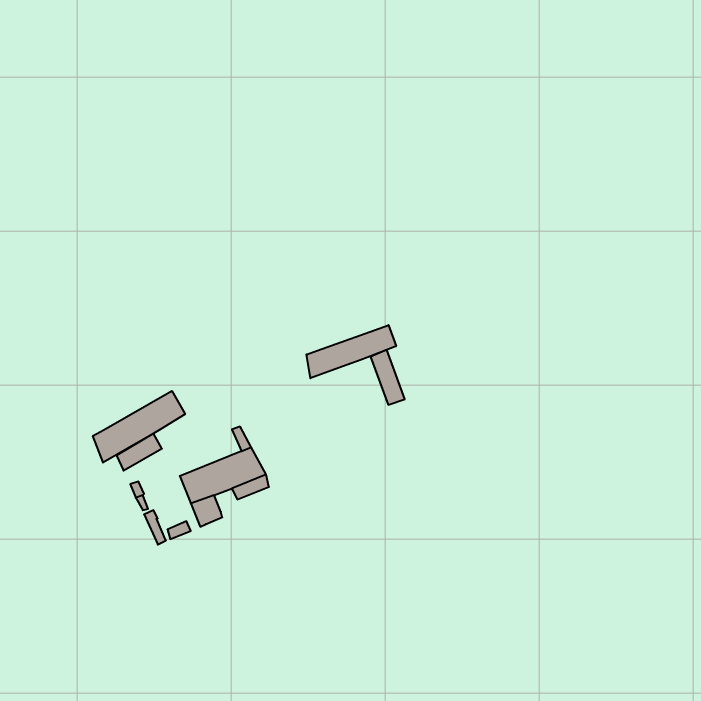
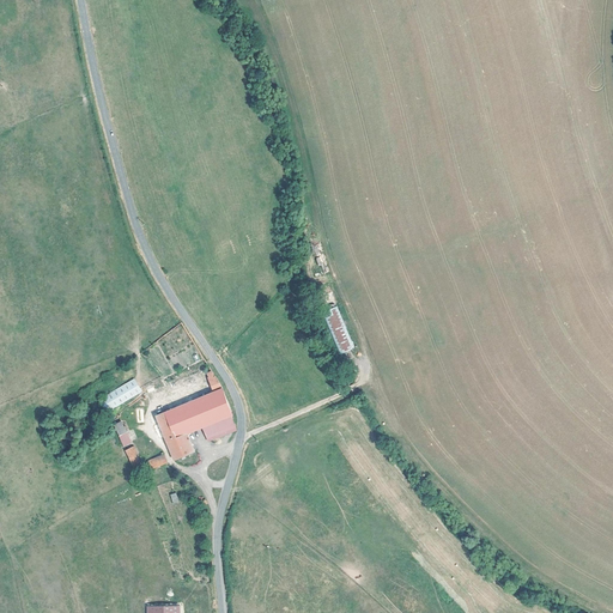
building: [306,325,396,378] -> none
building: [93,391,185,463] -> none

